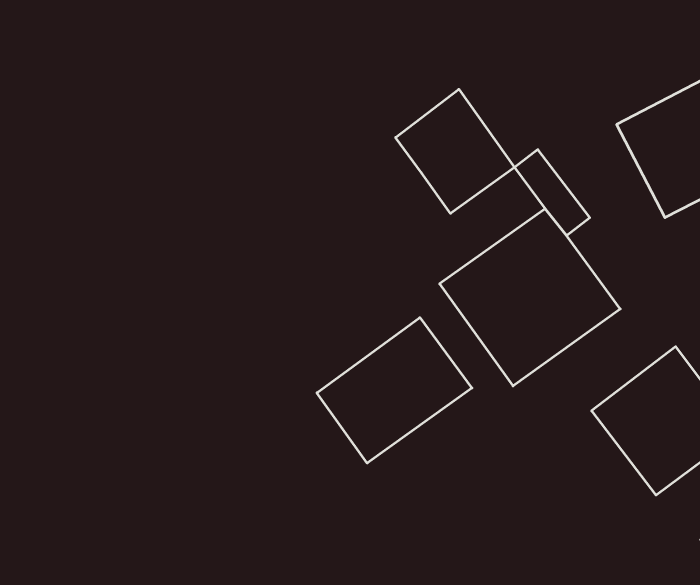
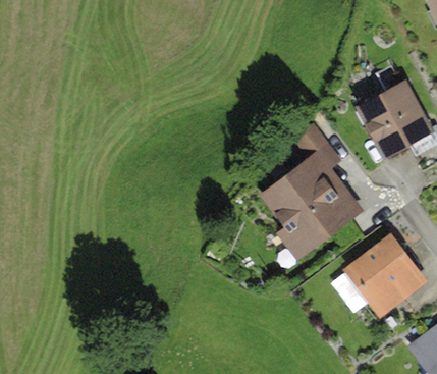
building: [396,89,515,213] -> none
building: [317,318,472,463] -> none

